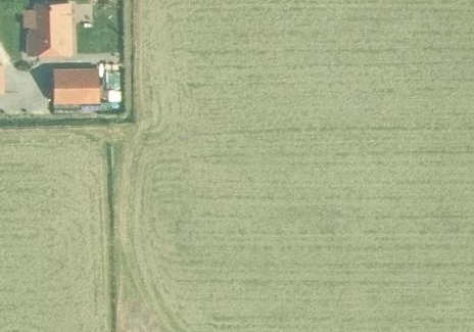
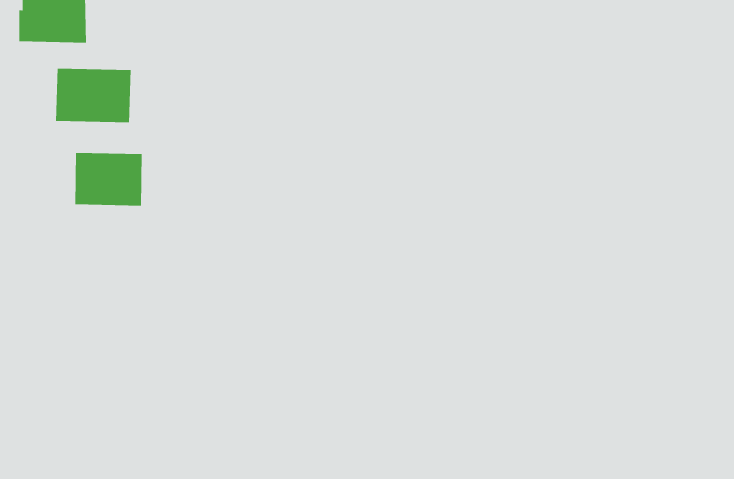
building: none -> [75,152,142,206]

